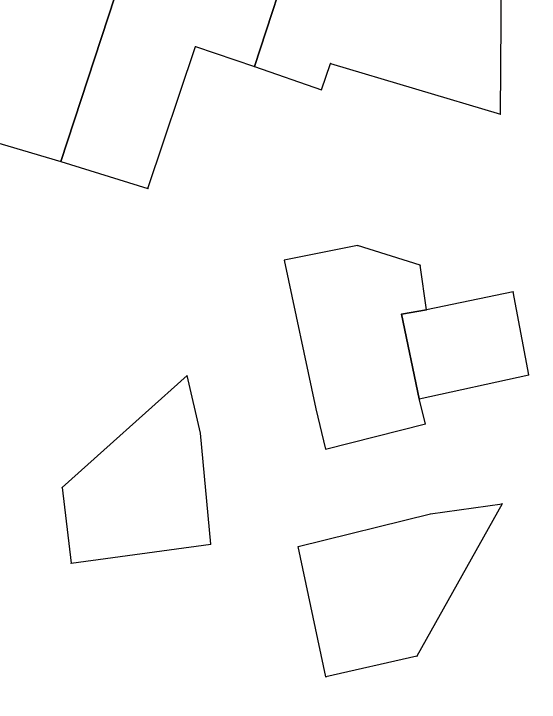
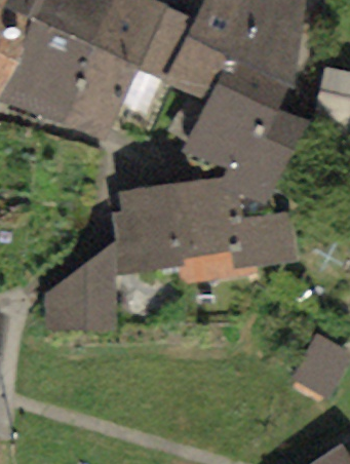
building: none -> [180,84,306,206]
building: none -> [113,185,182,271]
building: [298,504,502,677] -> none

